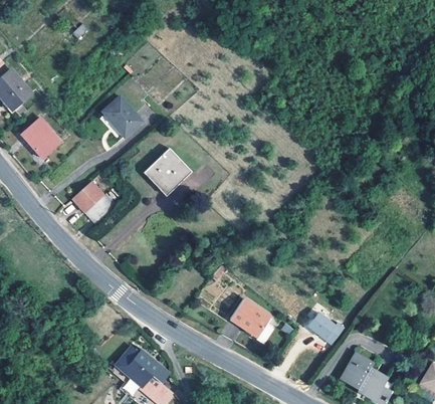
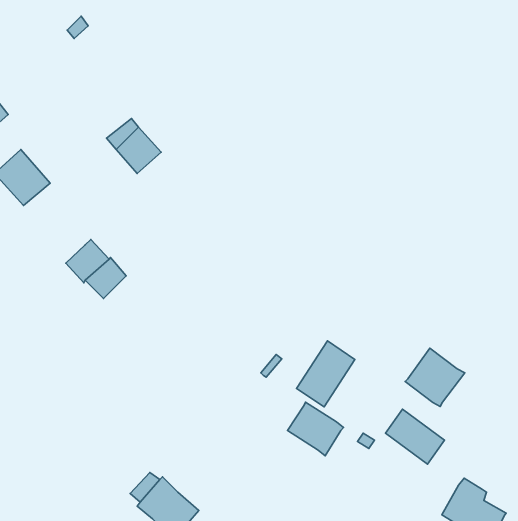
building: [143,147,190,196] -> none
building: none -> [296,341,355,407]
building: none -> [405,348,465,406]

